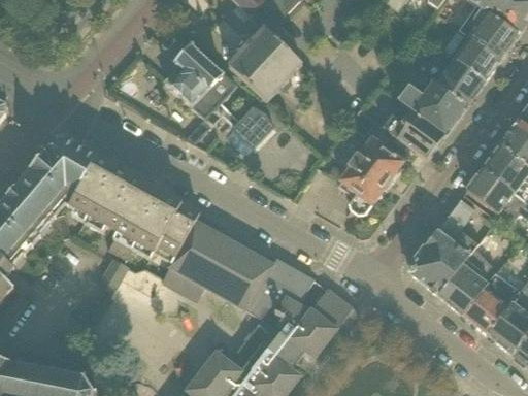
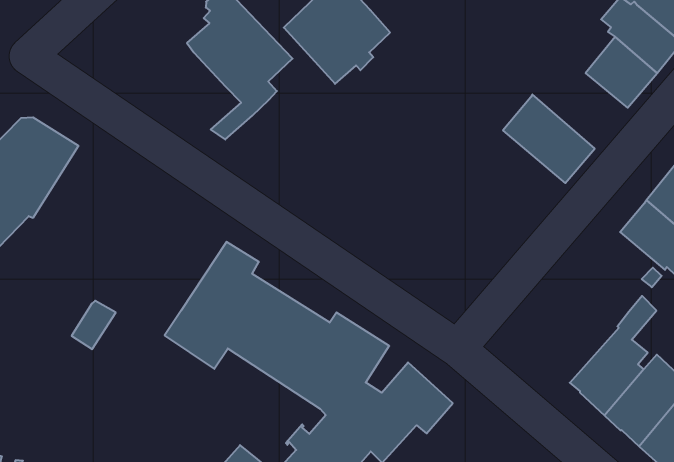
building: [397,73,466,134] -> none
building: [223,105,274,145] -> none
building: [339,109,402,212] -> none
building: [68,154,200,261] -> none
building: [410,197,475,294] -> none

